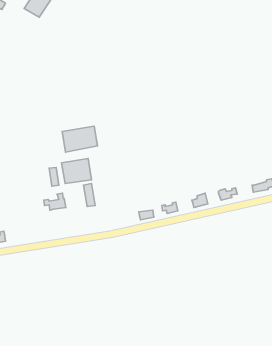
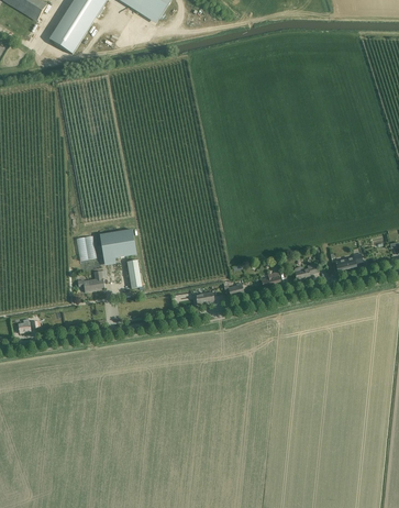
building: [62,126,97,152] -> none

